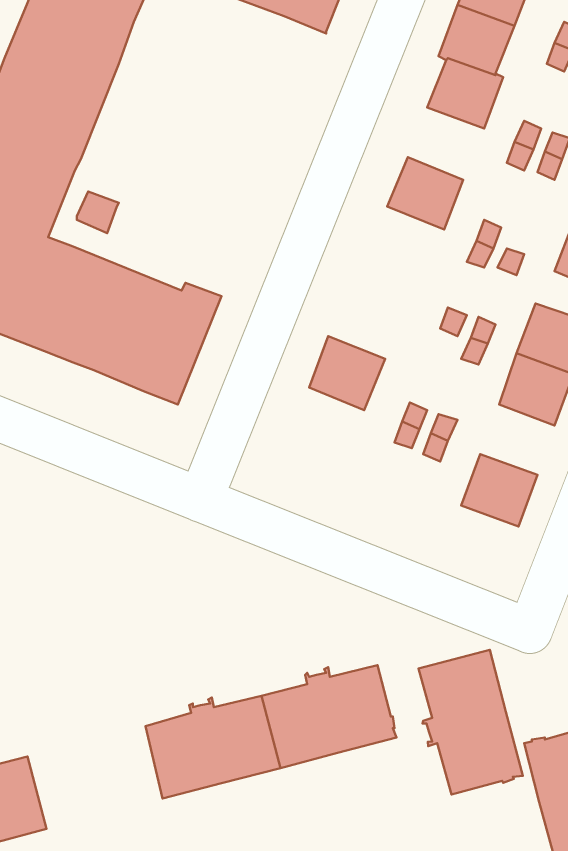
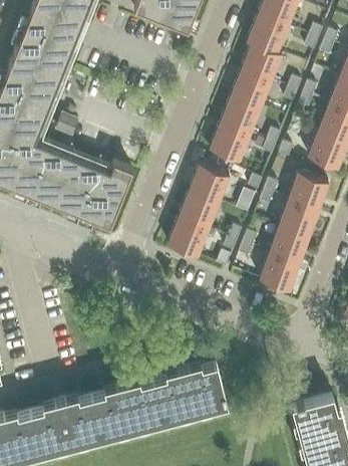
building: none -> [231,70,271,108]
building: none -> [210,123,250,162]
building: none -> [189,165,229,203]
building: none -> [167,218,208,257]
building: none -> [269,227,308,264]
building: [419,650,523,794] -> none
building: none -> [30,397,101,451]

